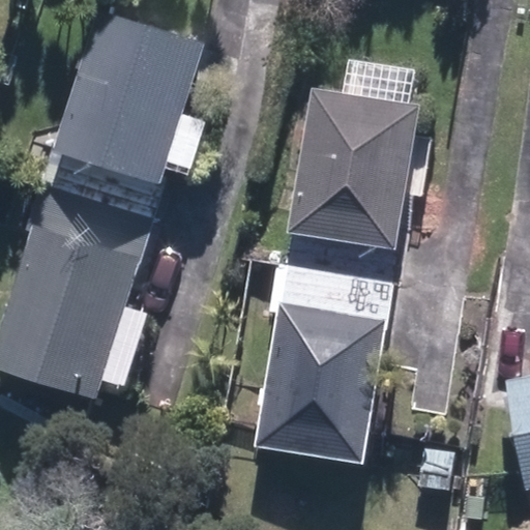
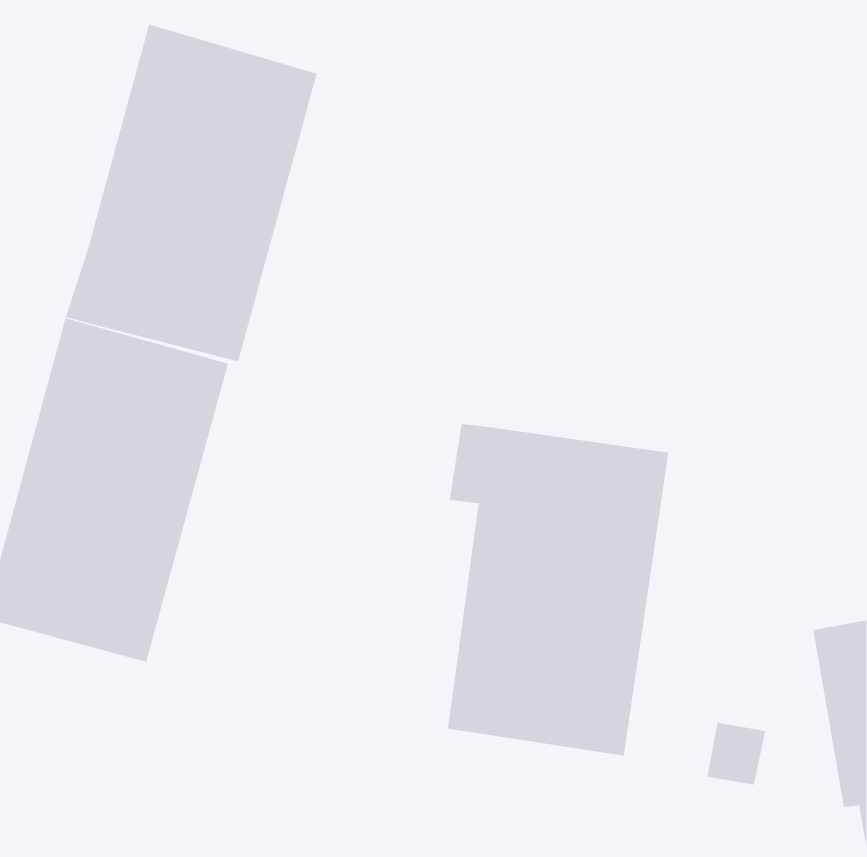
building: [297,85,435,274] -> none

